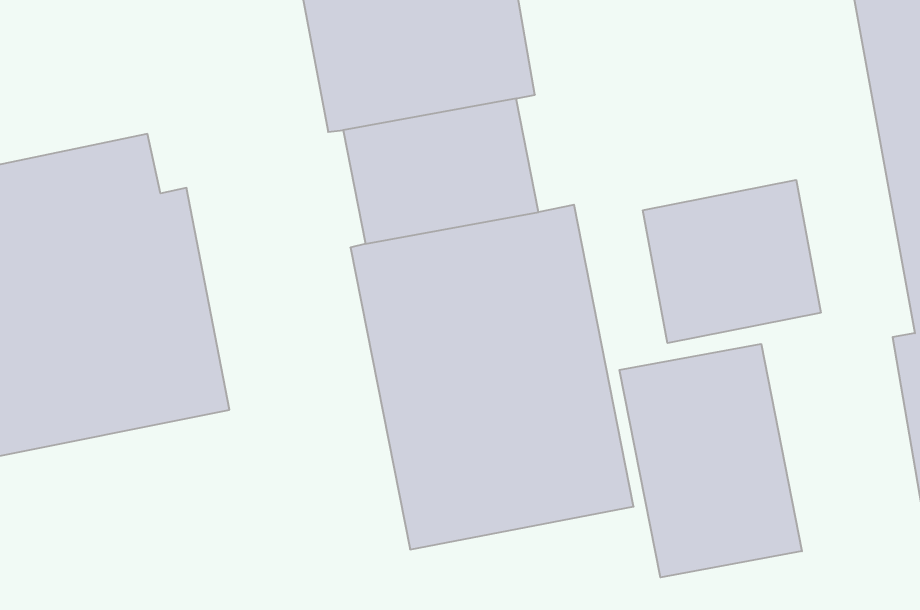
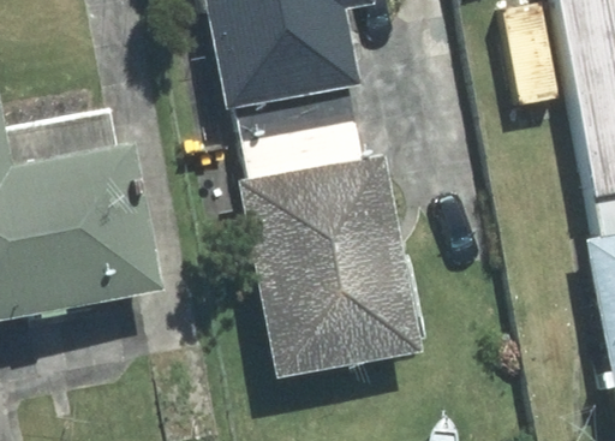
building: [643,180,821,343] -> none
building: [619,344,802,577] -> none

